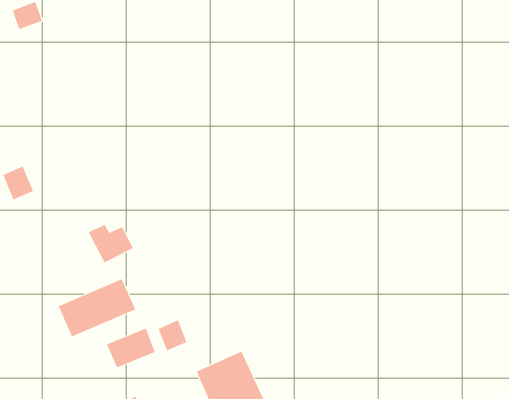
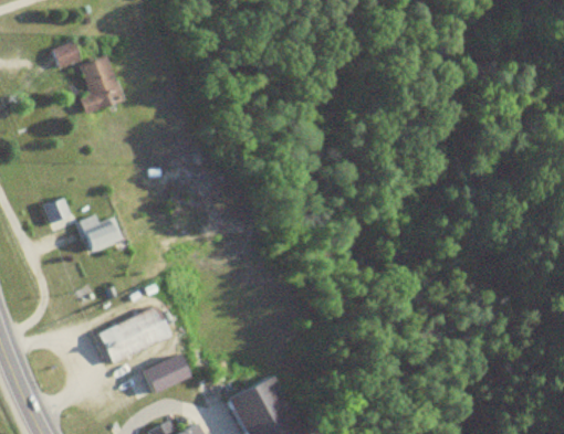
building: none -> [81,56,123,114]
building: [88,224,134,263] -> [79,215,123,253]
building: [158,320,187,351] -> none

